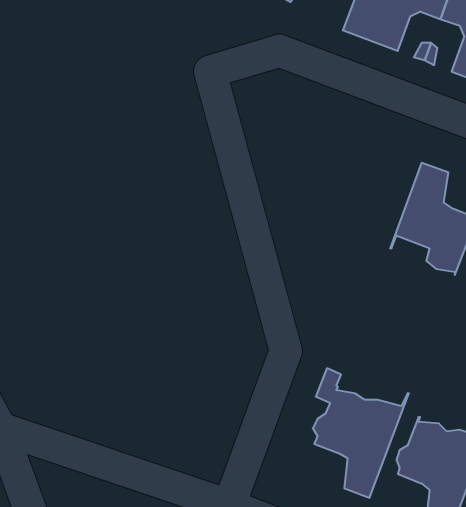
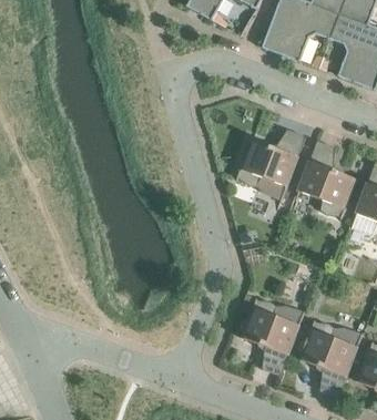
building: none -> [234,130,304,211]

